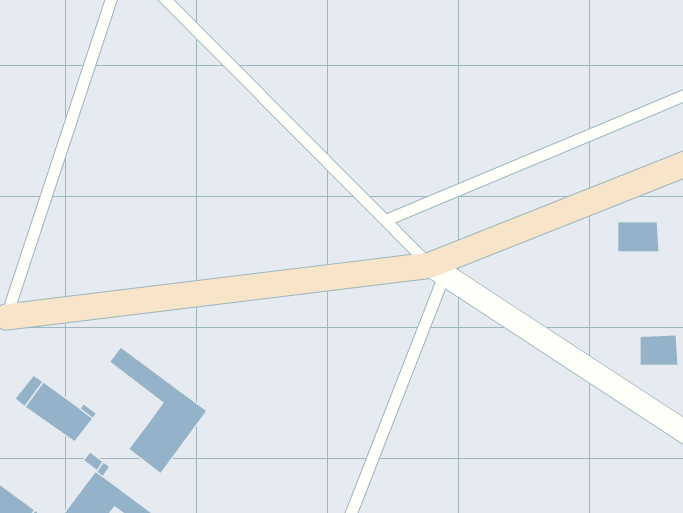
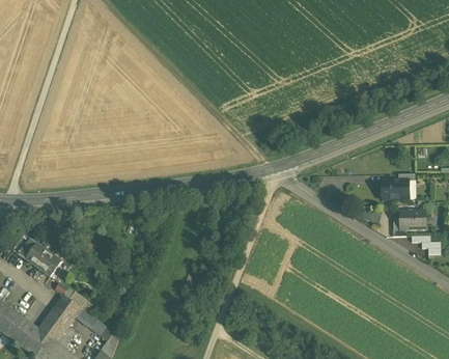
building: [618,222,659,252] -> [381,180,406,198]
building: [109,347,206,474] -> none

